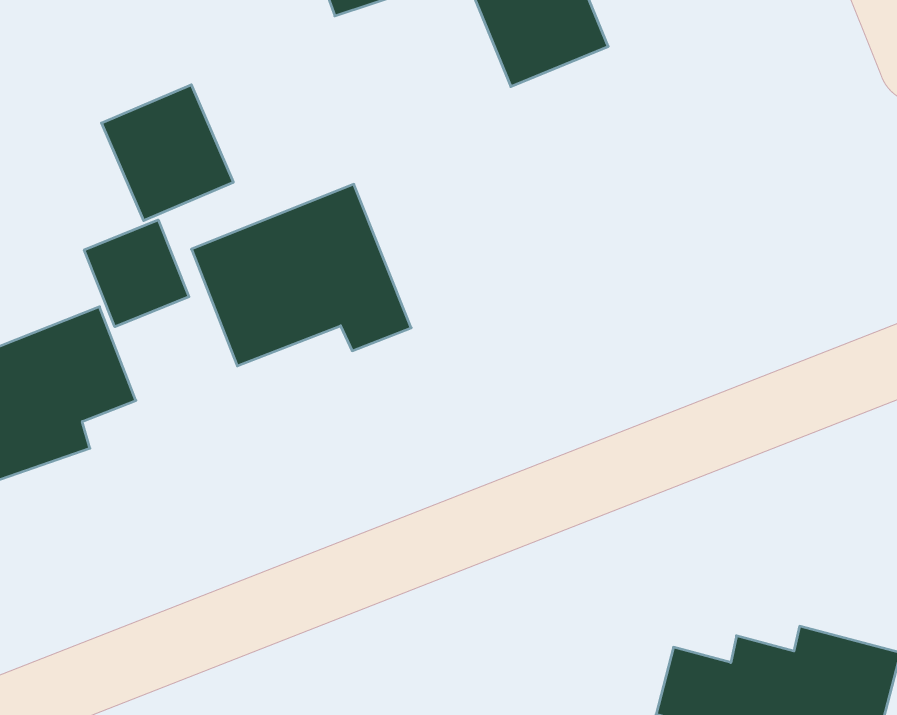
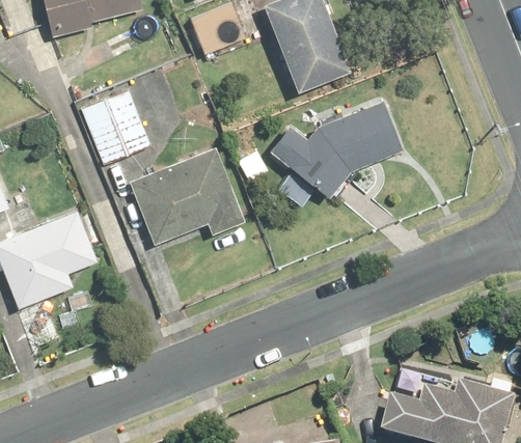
building: none -> [269,99,406,199]
building: [84,220,189,327] -> none

